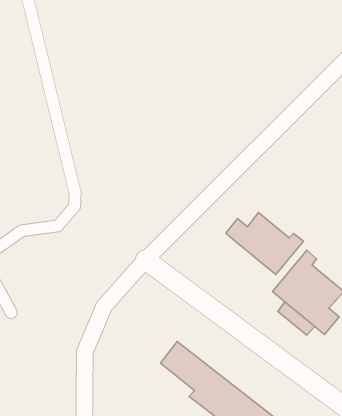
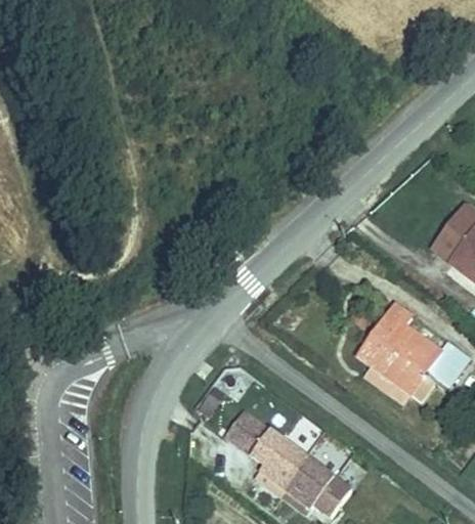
building: [226,213,303,274] -> none

